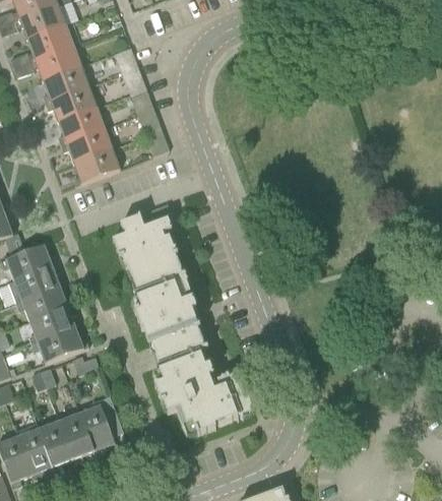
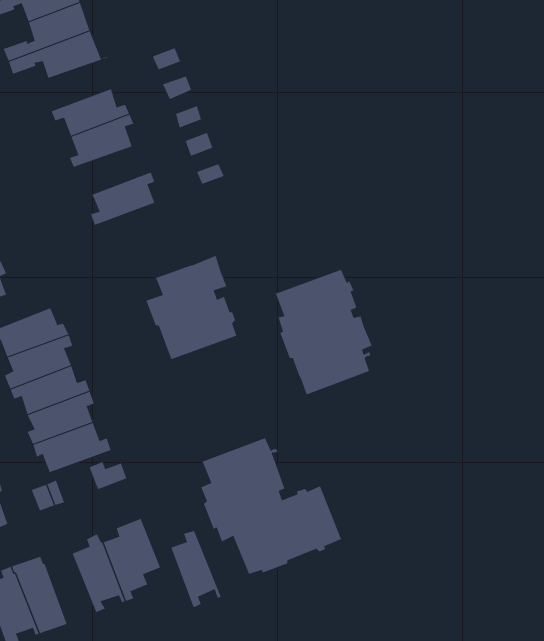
building: [42,63,87,102] -> none
building: [60,127,116,162] -> none
building: [130,263,200,354] -> [275,269,373,395]
building: [40,415,76,471] -> [170,531,221,608]

